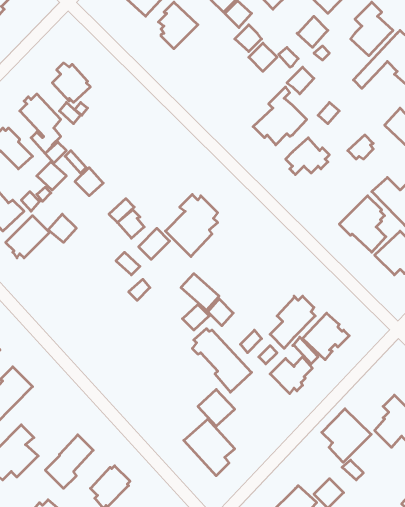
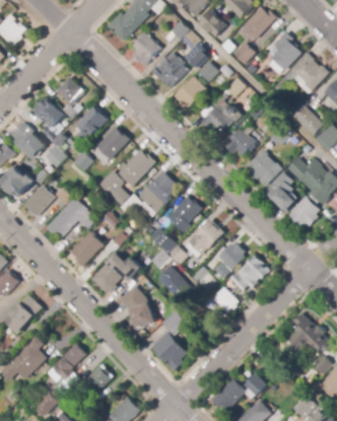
building: none -> [153,52,182,81]
building: none -> [173,76,206,110]
building: none -> [75,107,106,142]
building: none -> [94,126,130,159]
building: none -> [243,149,277,181]
building: none -> [117,150,155,187]
building: none -> [171,195,201,231]
building: none -> [45,197,94,237]
building: none -> [187,219,223,254]
building: none -> [71,231,103,266]
building: none -> [90,252,131,293]
building: none -> [118,285,154,329]
building: [322,409,371,462] -> none

